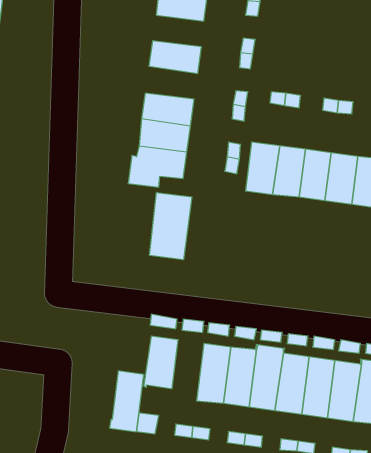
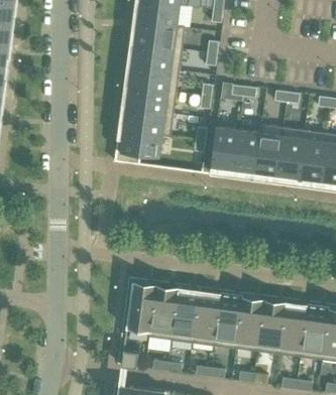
building: none -> [134,21,177,47]
building: none -> [128,63,172,91]
building: [150,192,192,260] -> none
building: [110,371,144,432] -> [148,289,177,340]

